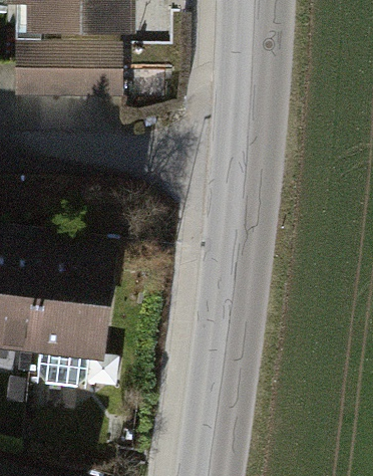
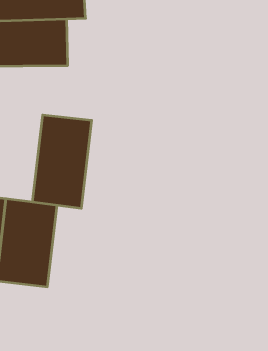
building: none -> [33,115,92,208]

